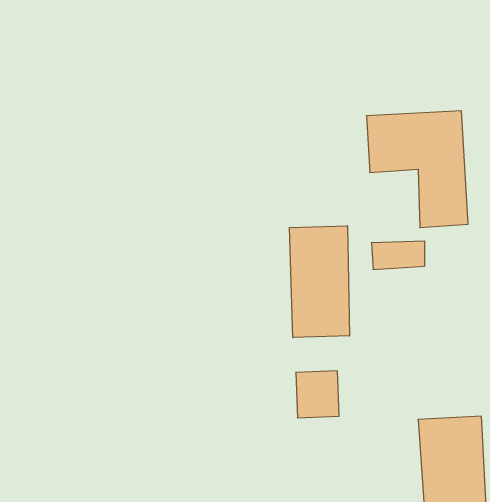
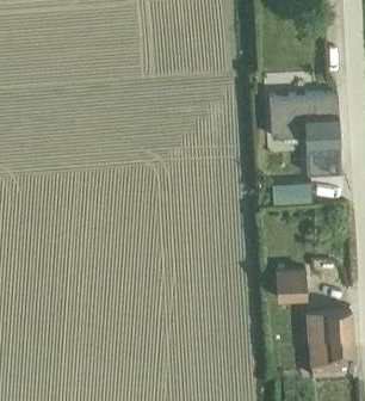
building: [289,226,349,338] -> none
building: [296,371,339,418] -> [276,266,307,300]

